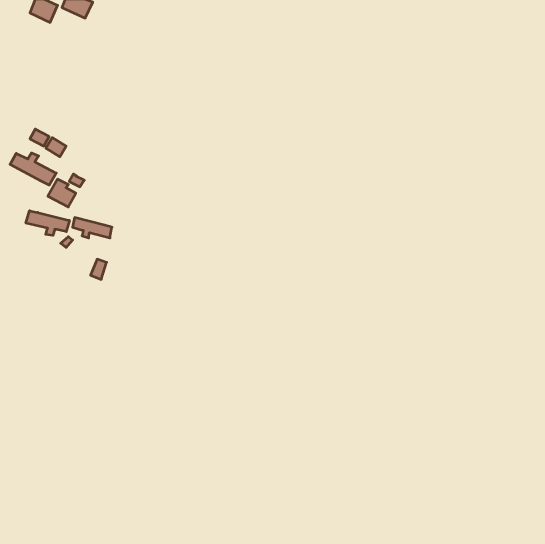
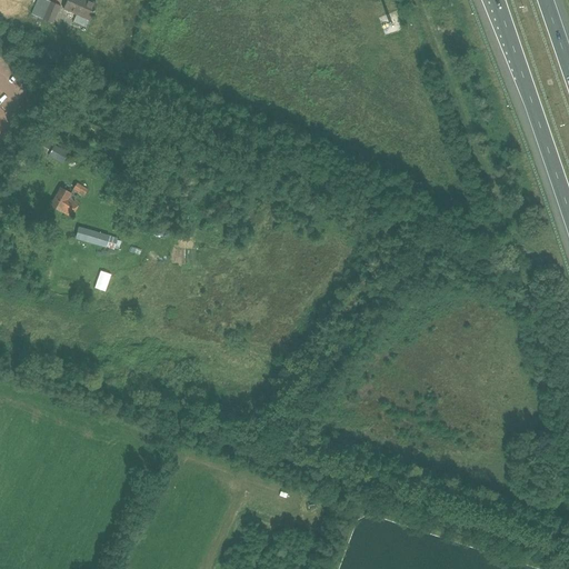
building: [10,153,56,185] -> none
building: [26,211,69,235] -> none

